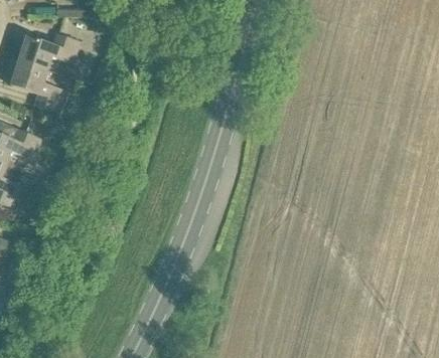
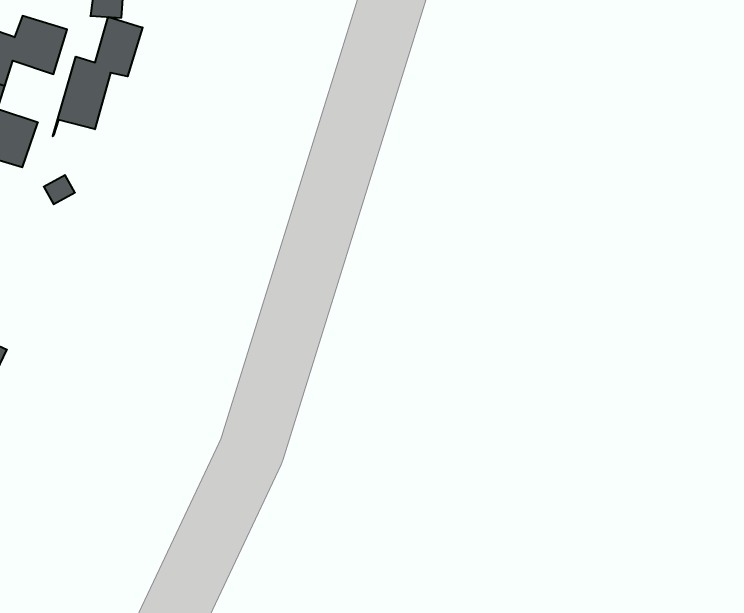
building: none -> [53,17,143,136]

